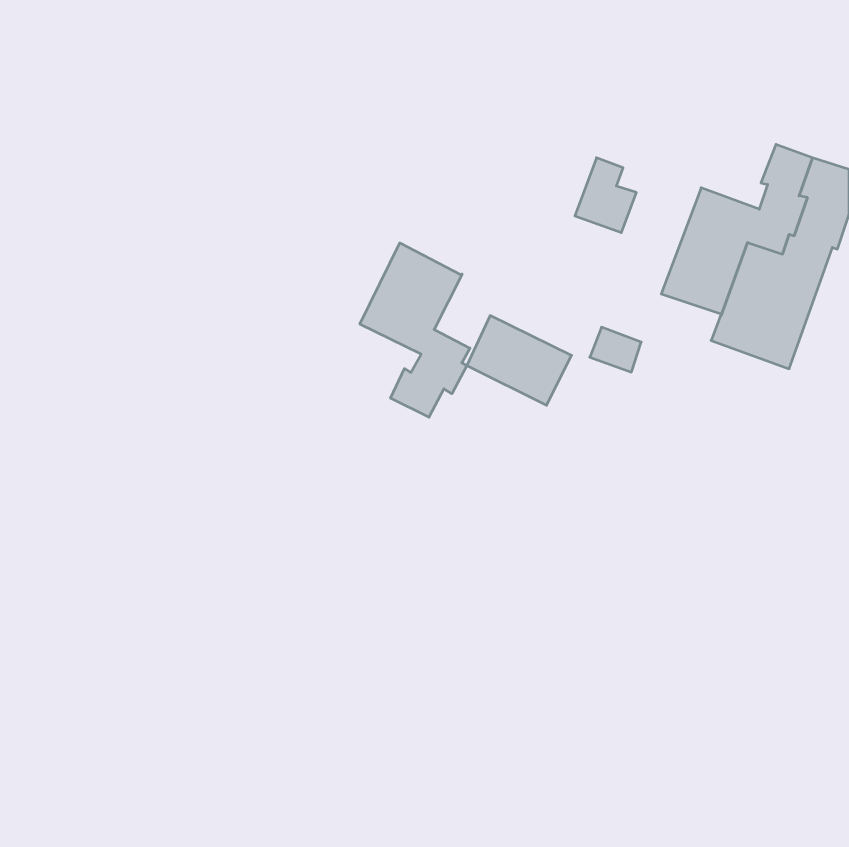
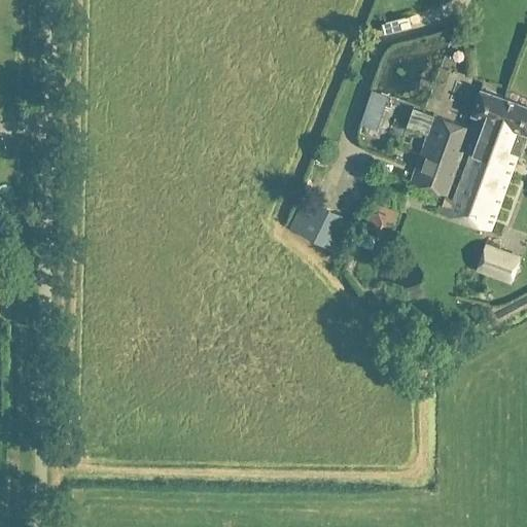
building: [360,243,470,417] -> none
building: none -> [483,248,519,282]

